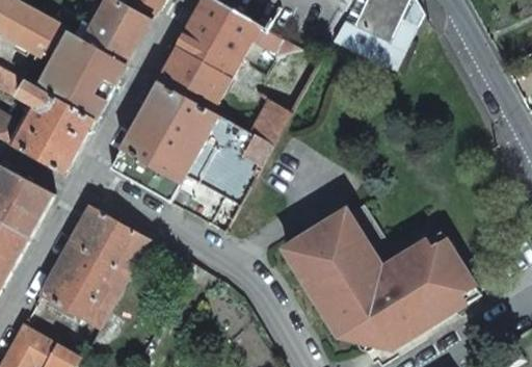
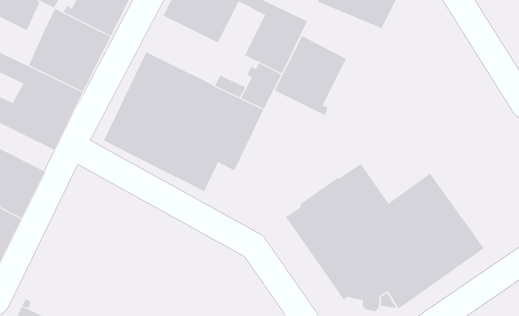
building: [158,47,230,110] -> none
building: none -> [274,35,346,116]
building: [38,202,149,327] -> none

